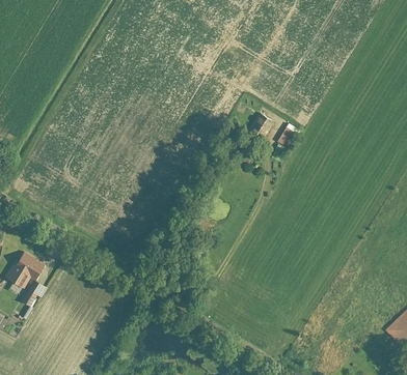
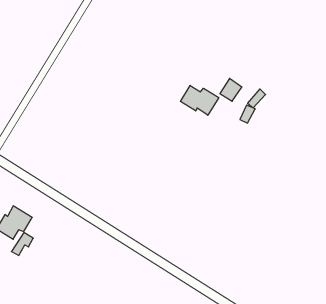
building: none -> [180,85,219,115]

